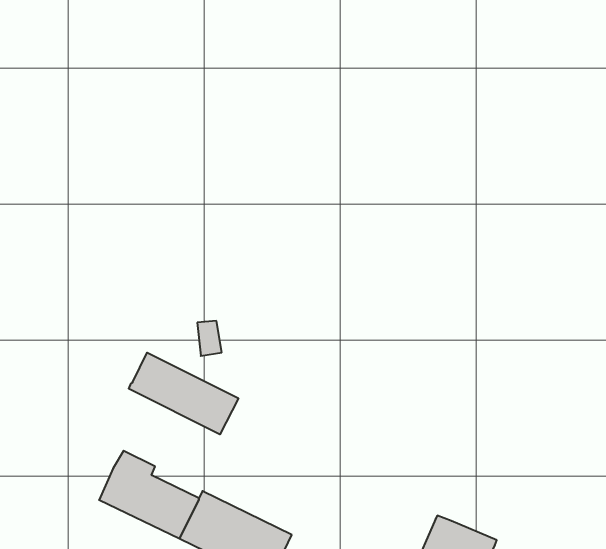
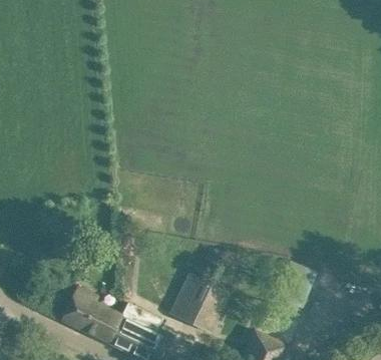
building: [129,353,238,434] -> none
building: none -> [181,279,230,330]

